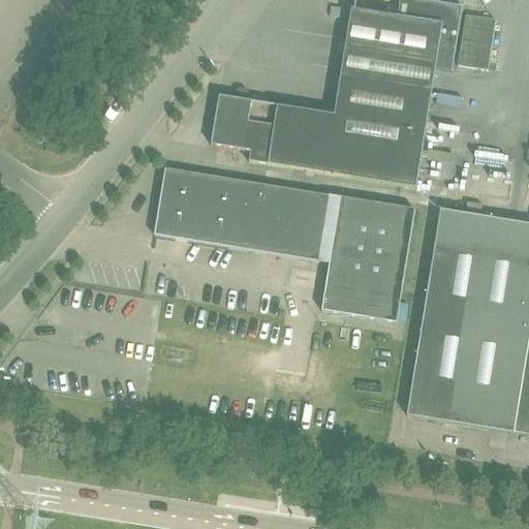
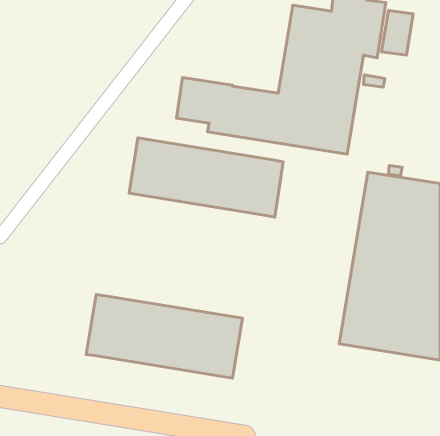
building: [322,194,415,320] -> none
building: none -> [86,295,243,378]

